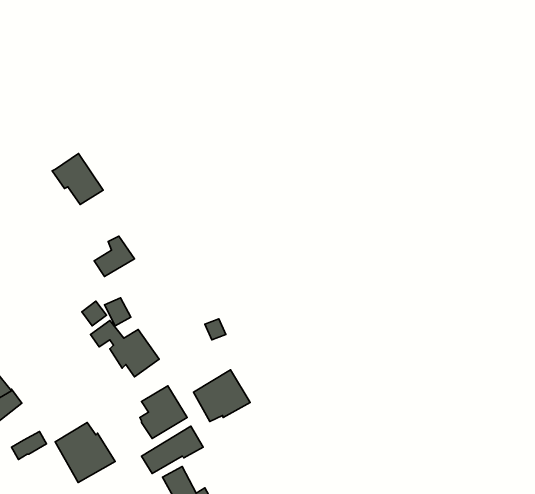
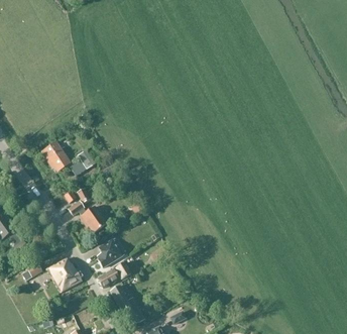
building: [52,153,103,204] -> [40,142,70,172]
building: [193,370,250,421] -> none

